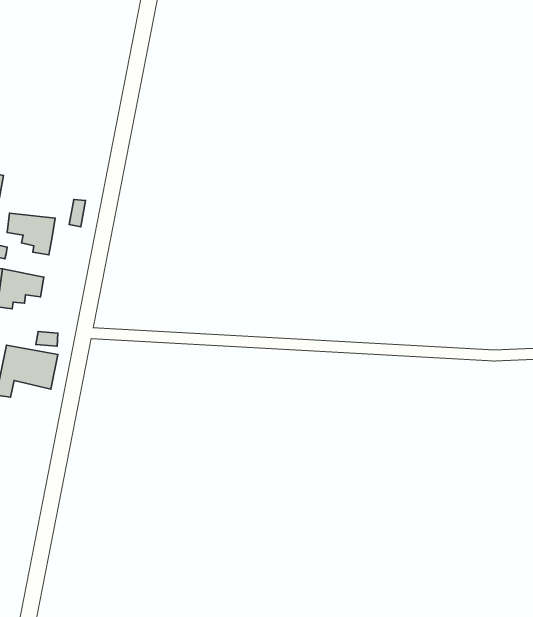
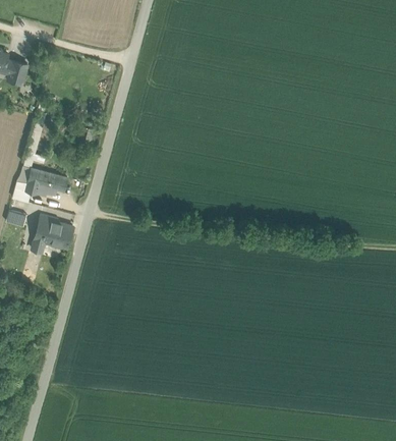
building: [7,213,55,255] -> none

